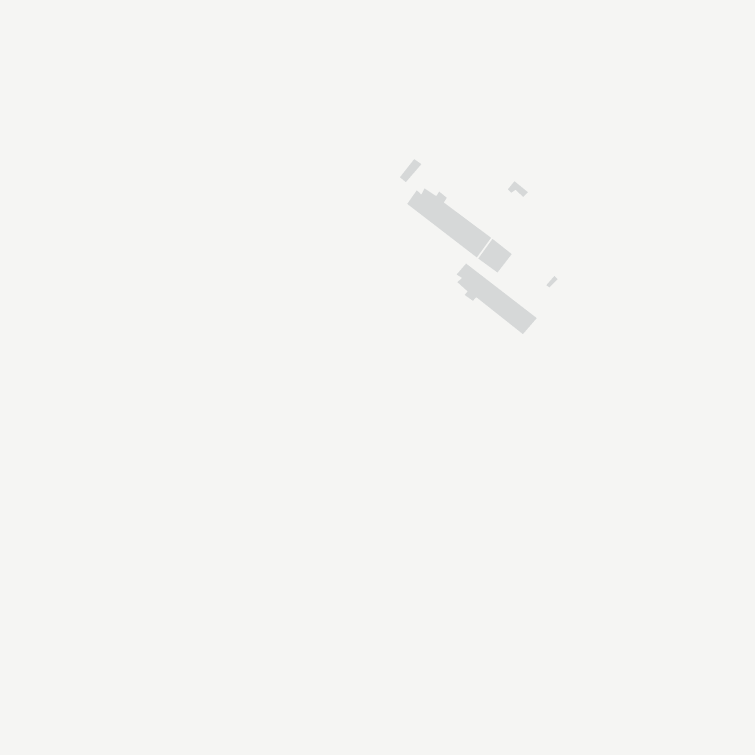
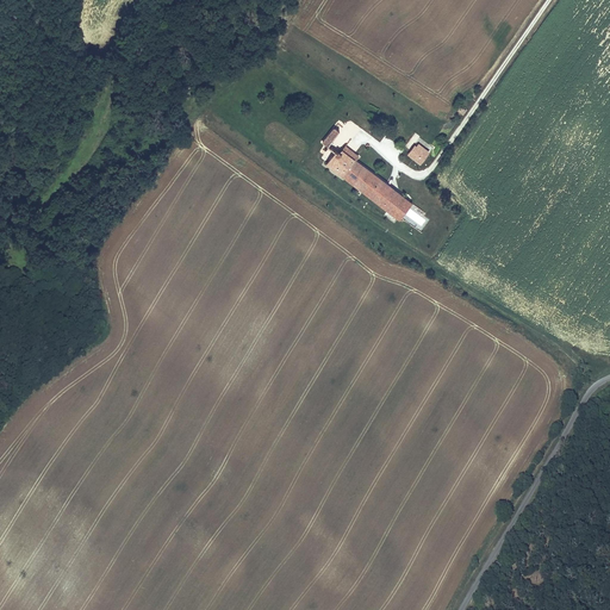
building: [456,263,538,335] -> none

